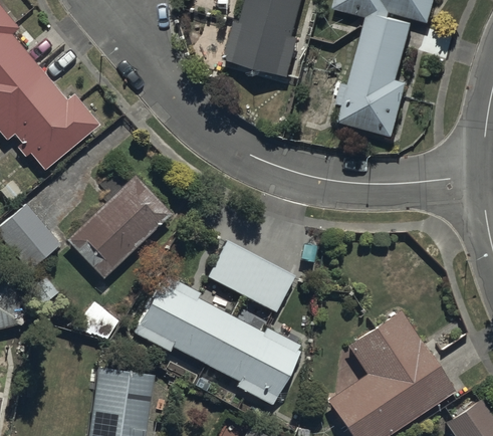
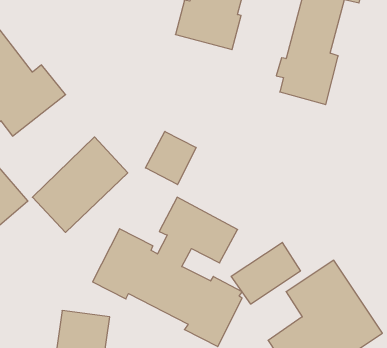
building: none -> [145,131,196,185]
building: none -> [231,242,300,304]

